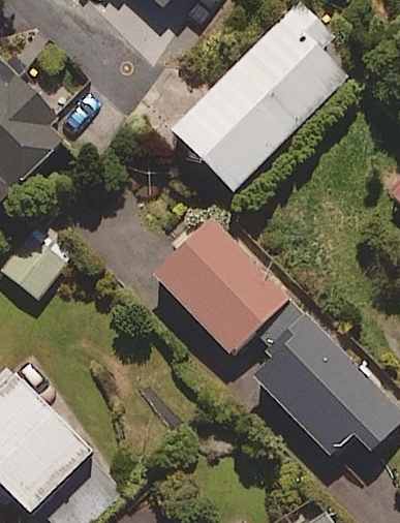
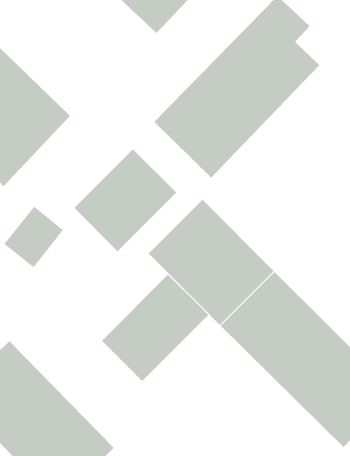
building: none -> [73,148,177,252]
building: none -> [101,274,209,382]

